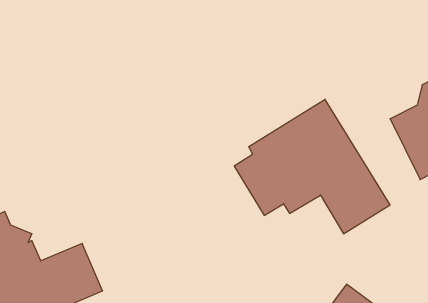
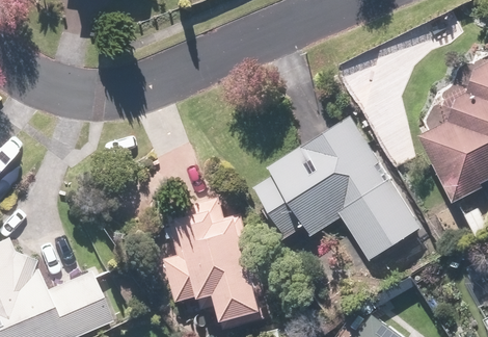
building: none -> [164,198,262,329]

